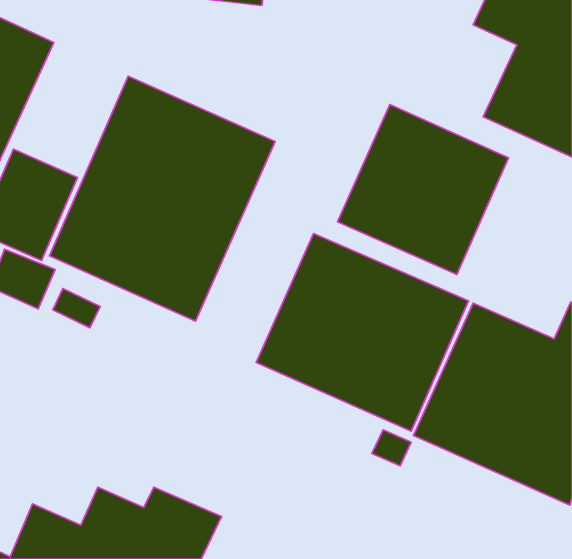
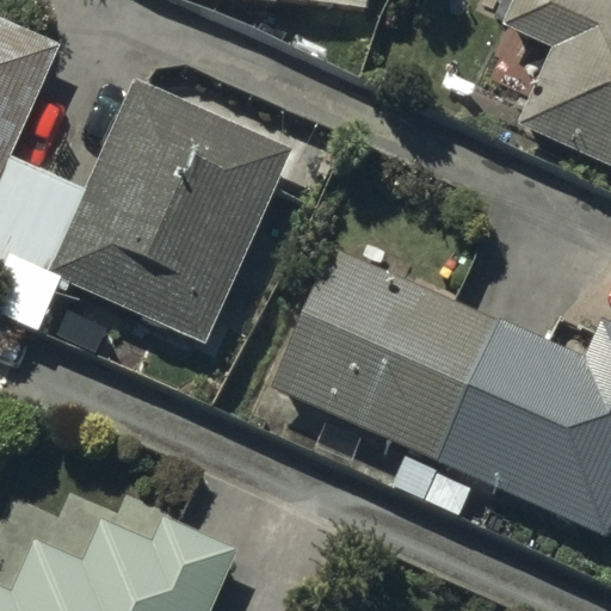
building: [338,104,508,274] -> none

